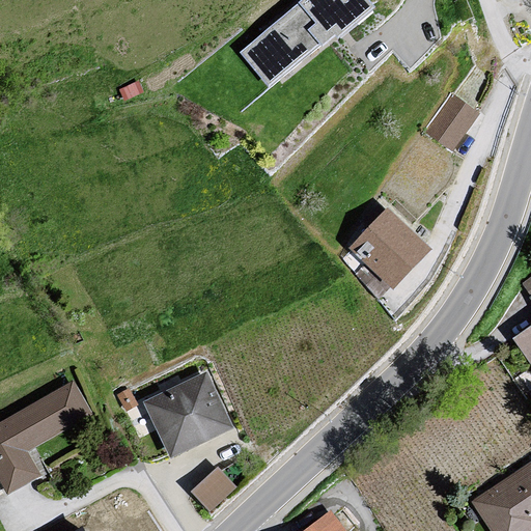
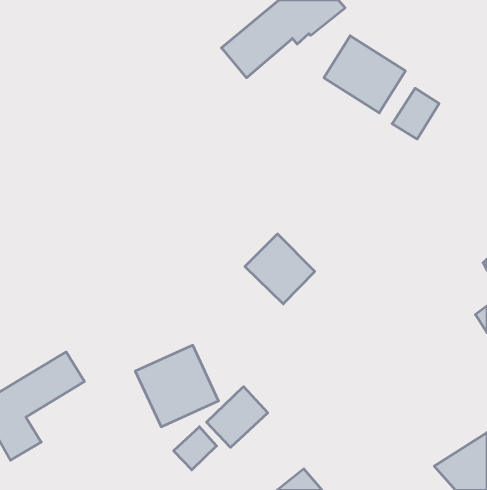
building: none -> [324,36,405,113]
building: [350,213,425,288] -> [245,234,315,304]
building: none -> [207,387,268,447]

